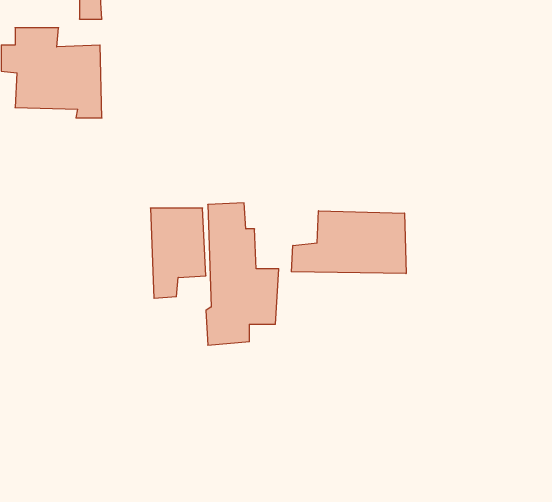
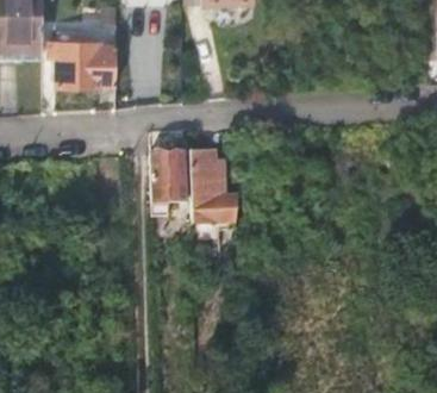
building: [291,211,406,274] -> none

